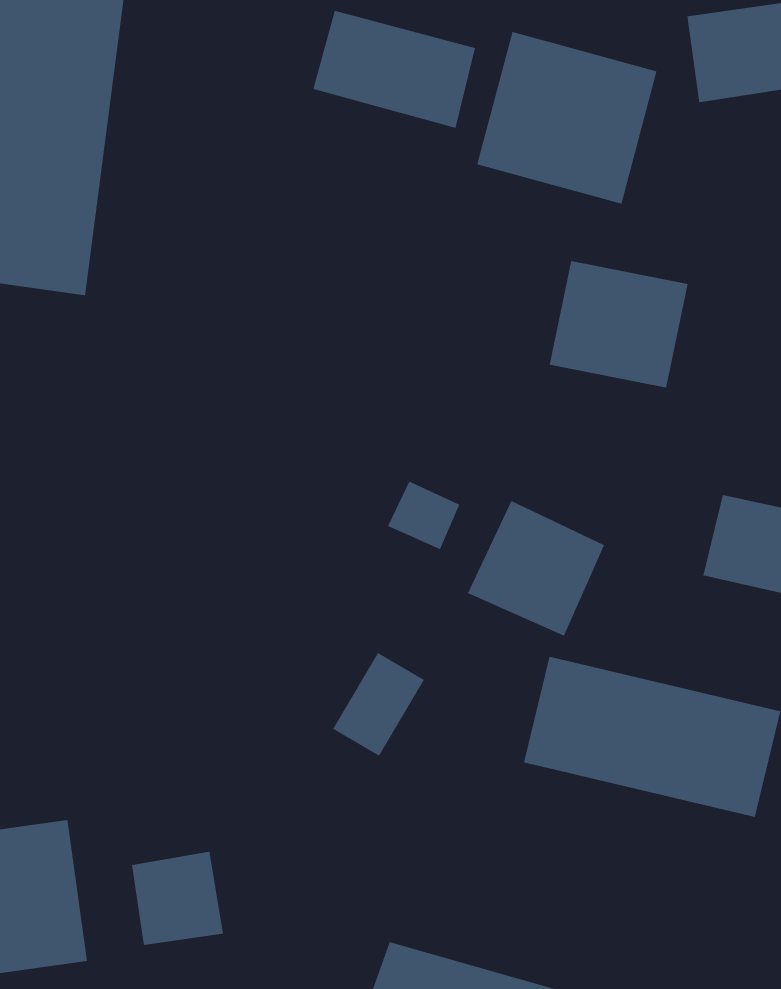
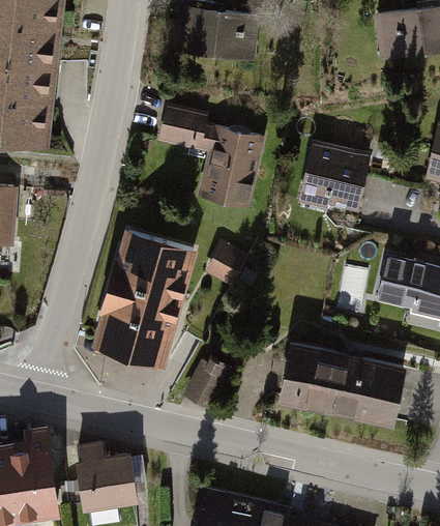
building: [476,31,657,205] -> none
building: none -> [166,112,269,213]
building: none -> [88,222,198,363]
building: [467,500,605,636] -> none

